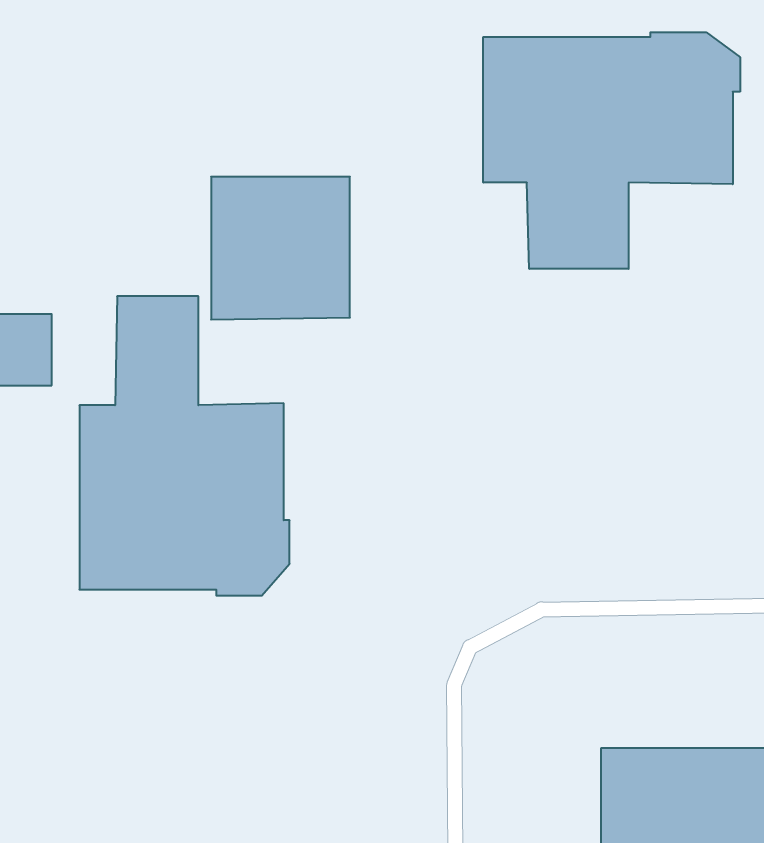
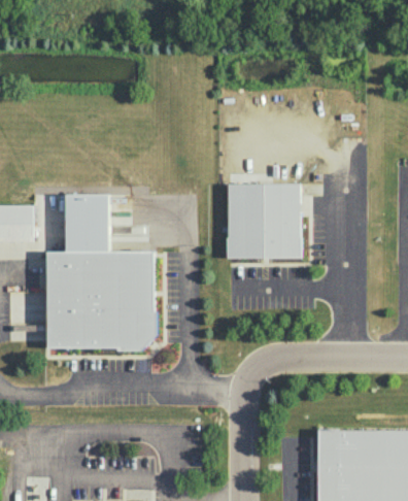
building: [483,32,740,269] -> none
building: [211,177,350,320] -> [228,185,300,259]

